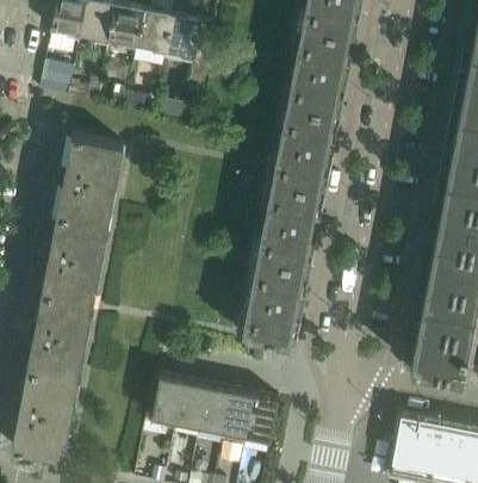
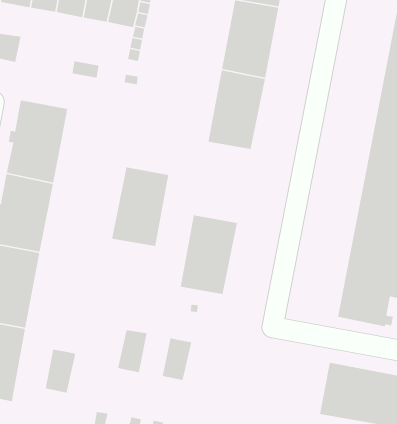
building: [256,181,318,267] -> [111,167,169,247]
building: [151,376,185,423] -> [45,349,76,393]
building: [199,385,231,432] -> none
building: [246,395,278,441] -> none

